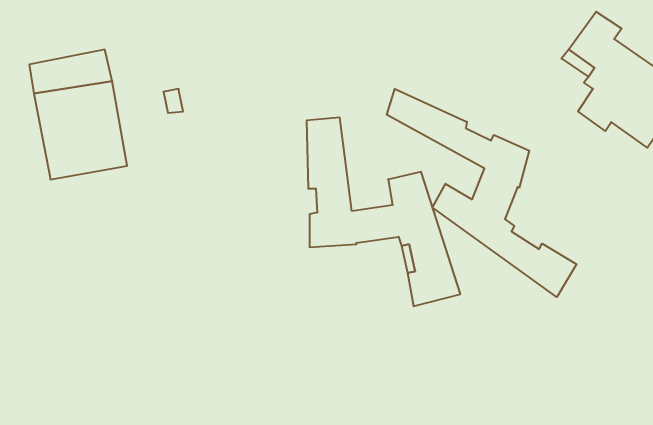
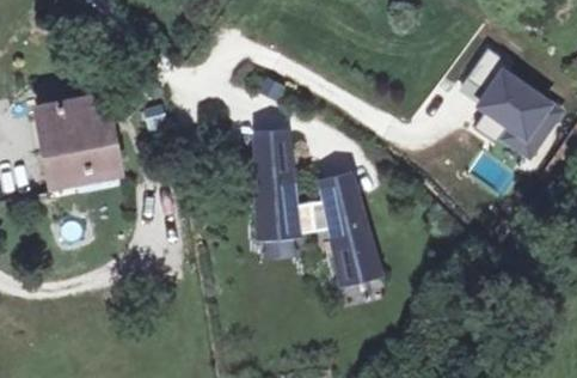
building: [387,89,576,297] -> none

